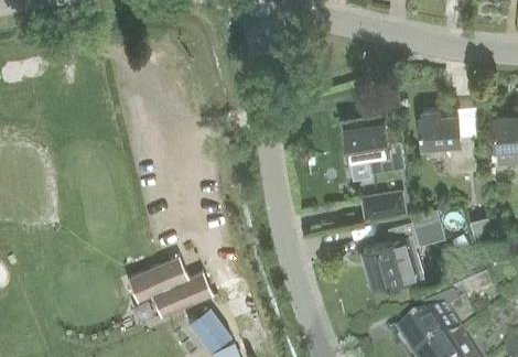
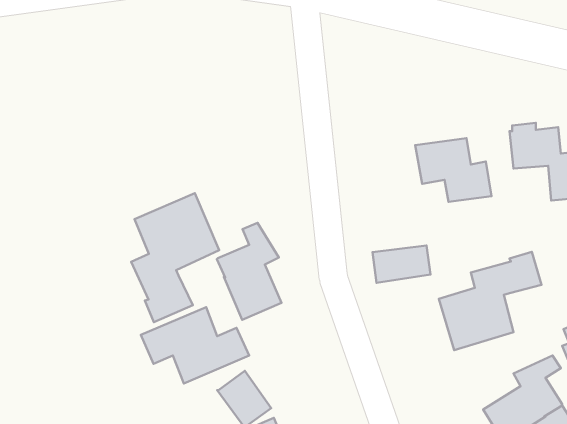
building: none -> [131,193,219,322]
building: none -> [217,223,281,320]
building: [359,191,406,220] -> [372,245,431,283]

